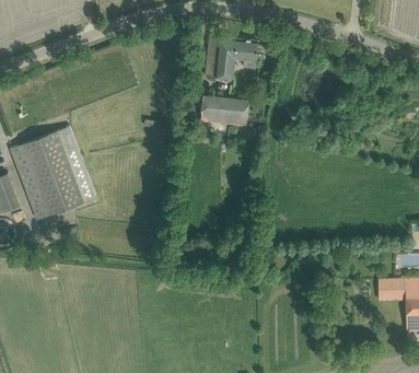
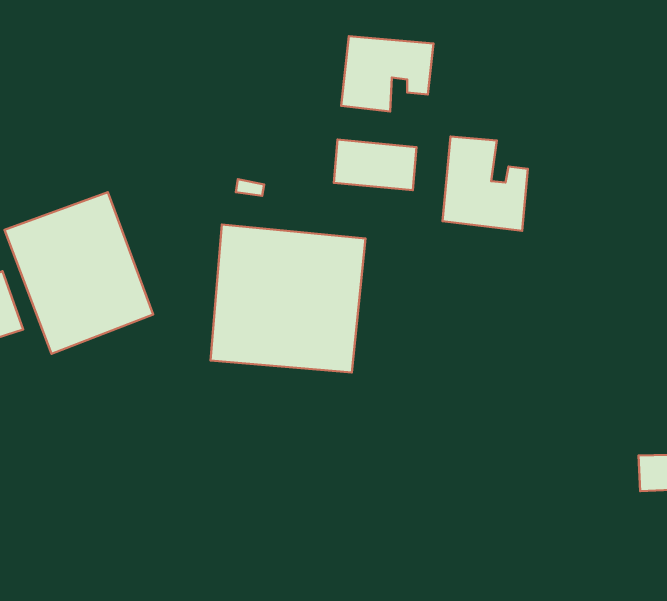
building: none -> [443,136,528,231]
building: none -> [210,225,366,373]

